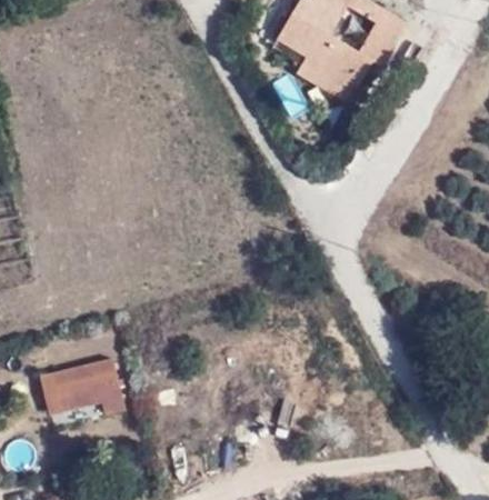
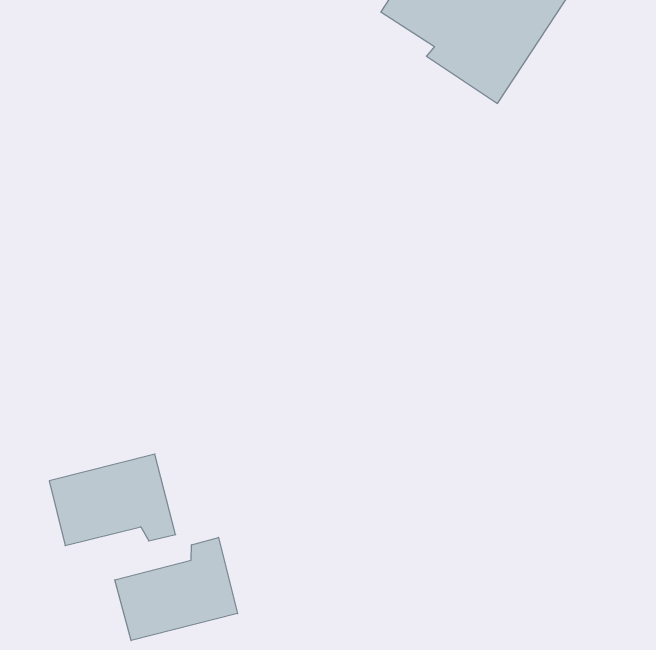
building: none -> [115,537,238,641]

